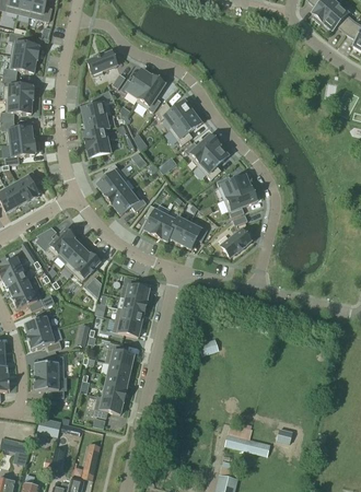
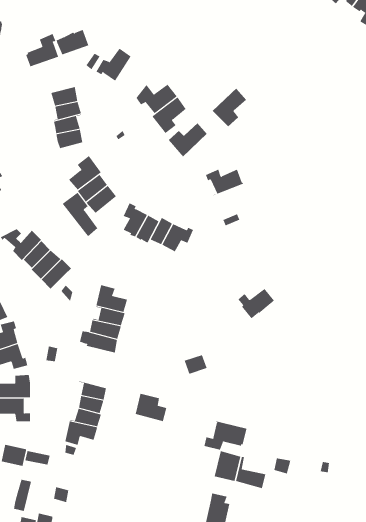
building: none -> [25,33,59,67]
building: [137,75,164,112] -> none
building: [197,144,228,179] -> [212,87,247,127]
building: [223,188,256,218] -> none
building: none -> [62,192,98,237]
building: [218,230,251,257] -> [237,288,275,319]
building: [105,342,133,367] -> [135,393,167,422]
building: none -> [204,419,247,450]

